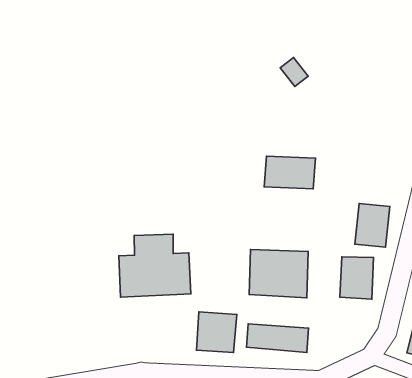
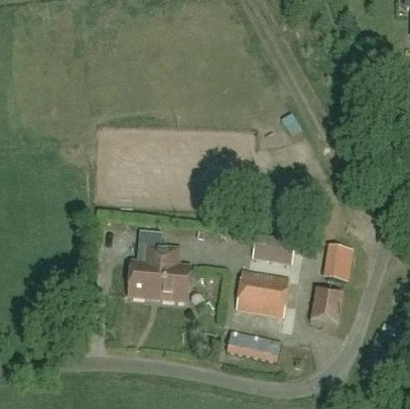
building: [264,156,315,189] -> [250,233,295,265]
building: [197,312,237,353] -> none

